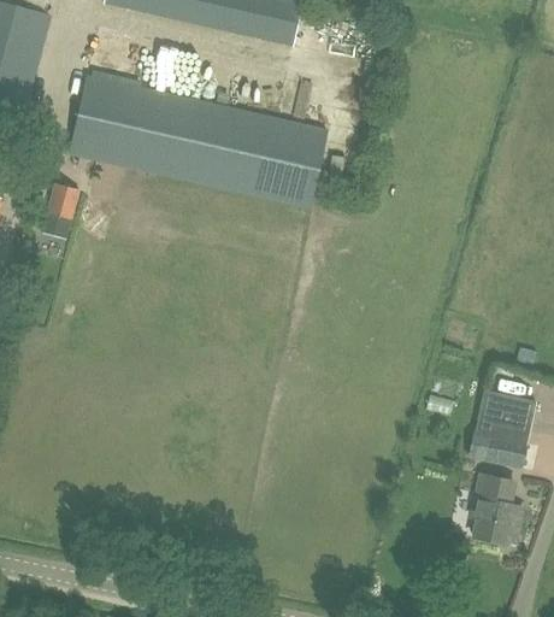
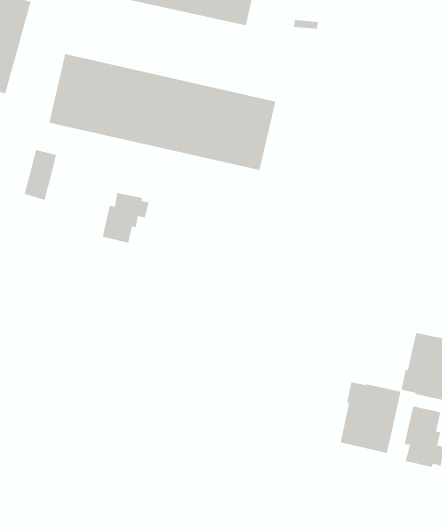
building: none -> [102,192,149,243]
building: none -> [340,382,401,454]

